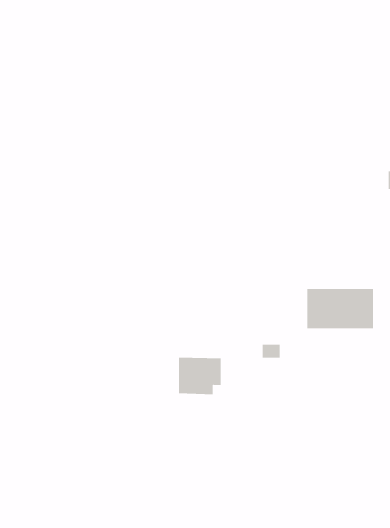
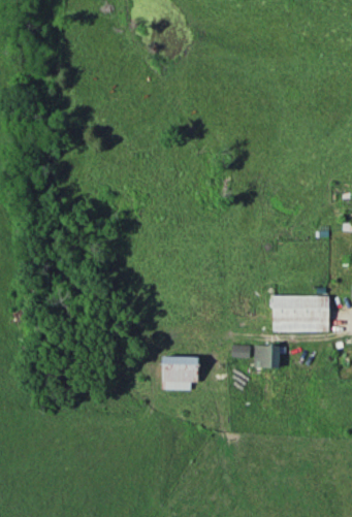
building: none -> [255,345,278,367]

